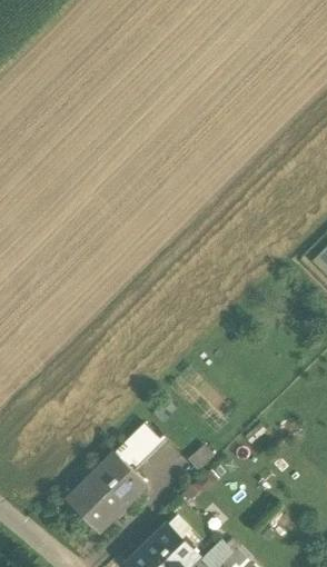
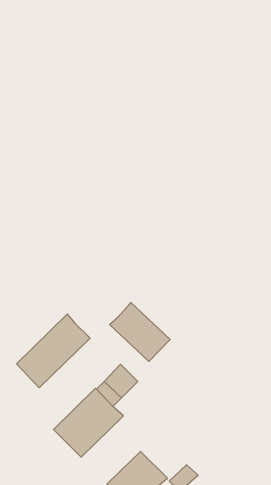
building: none -> [110,303,170,361]
building: none -> [17,314,90,388]

